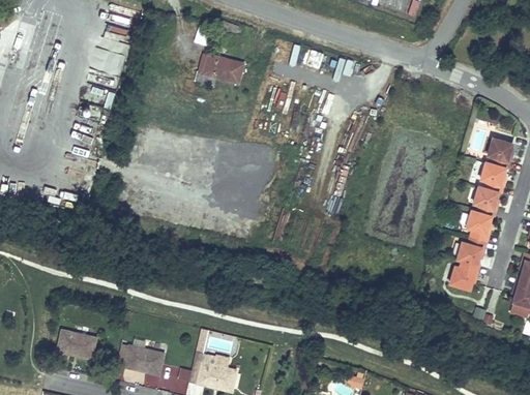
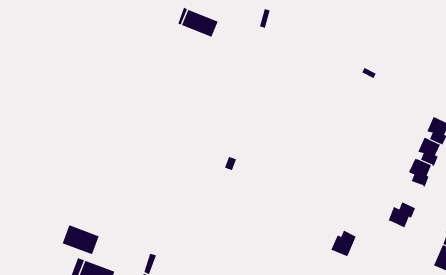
building: [466,210,491,241] -> none
building: [450,260,477,288] -> [330,230,357,257]
building: [57,329,97,359] -> [62,225,100,255]

